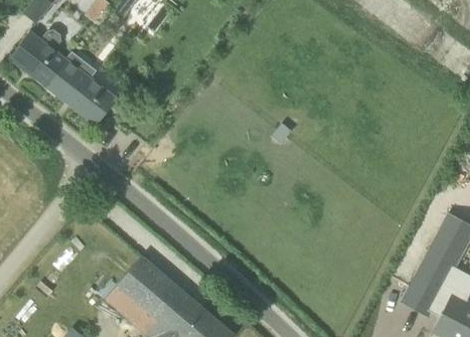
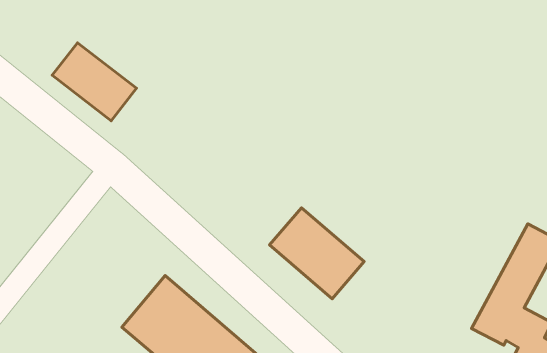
building: [10,29,68,88] -> none
building: none -> [270,208,364,299]

